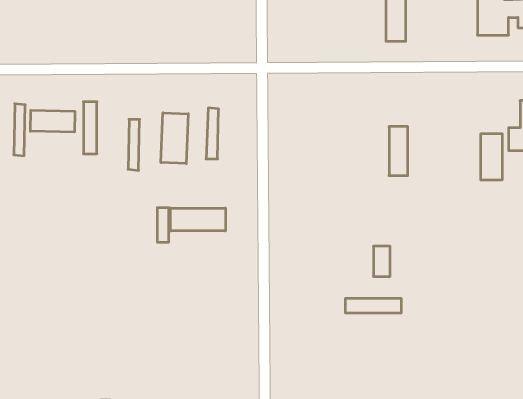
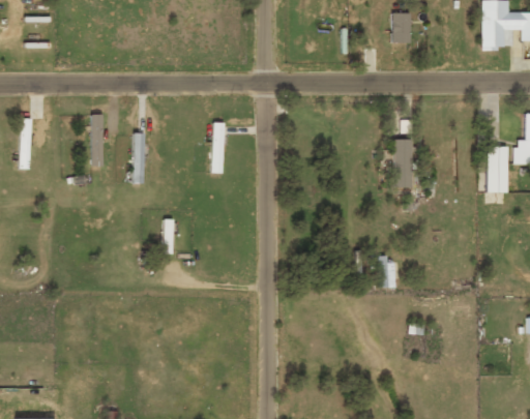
building: [30,110,75,132] -> none
building: [161,113,188,164] -> none
building: [171,208,225,231] -> none
building: [346,298,401,313] -> none

